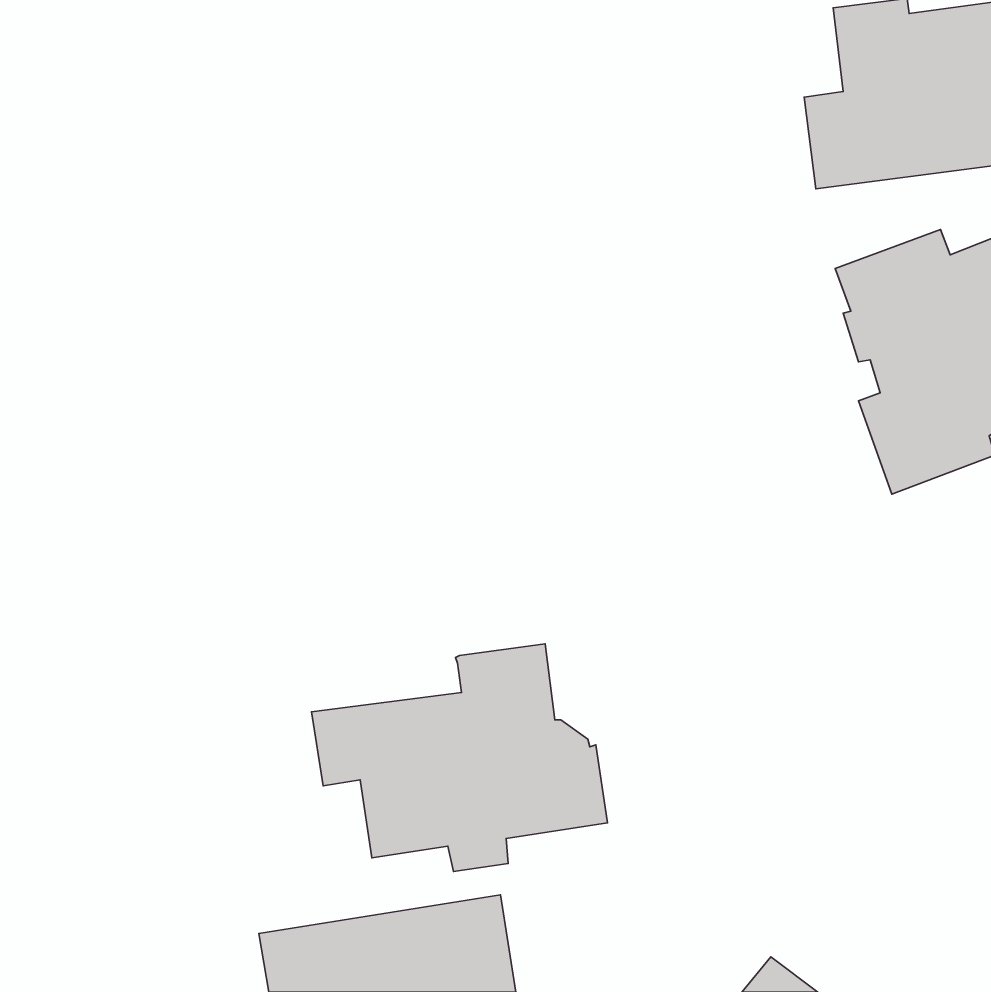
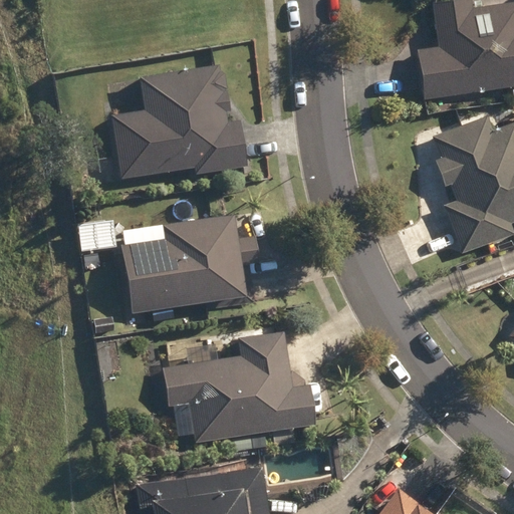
building: none -> [109,64,246,178]
building: none -> [121,215,258,313]

